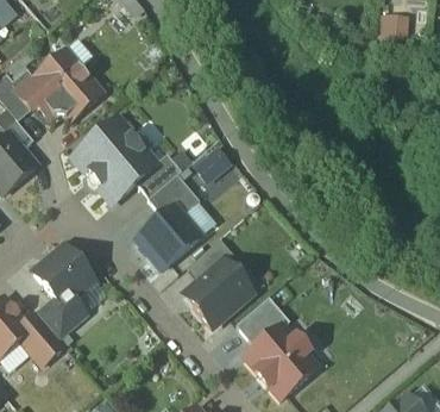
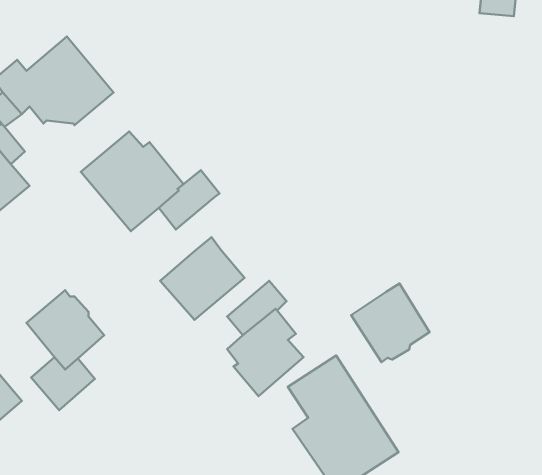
building: [193,143,238,188] -> none
building: [150,173,200,214] -> none
building: none -> [351,283,430,362]
building: [20,311,65,363] -> none

